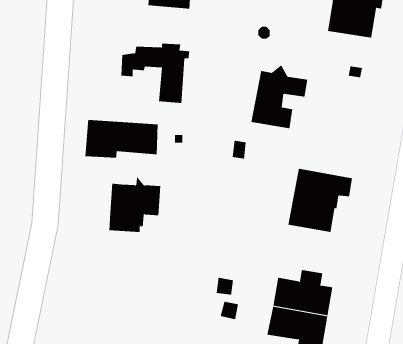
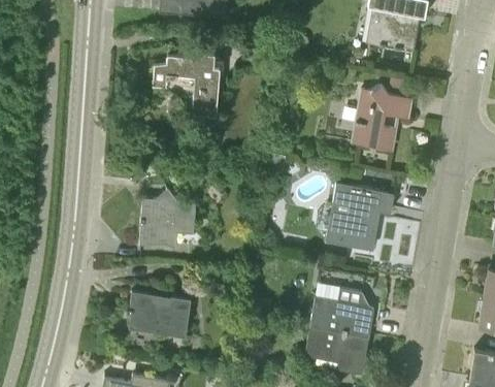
building: [251,64,308,129] -> [351,83,410,150]
building: [85,119,158,158] -> none
building: none -> [127,291,191,337]

